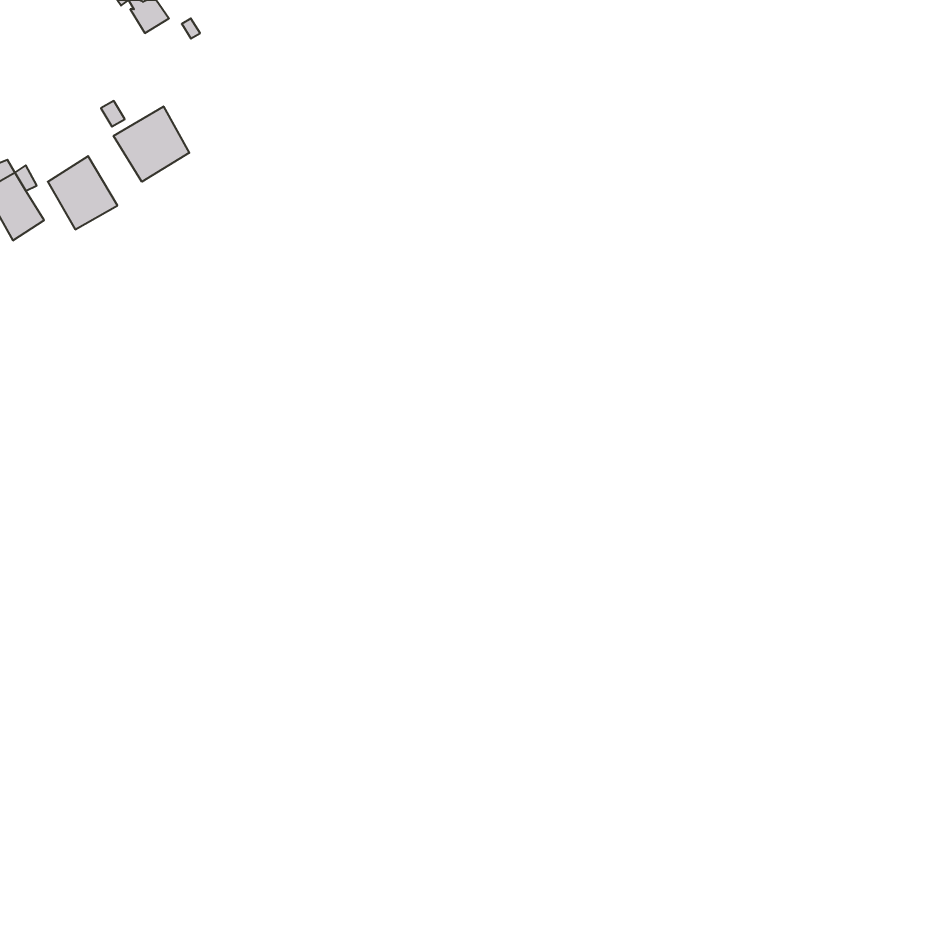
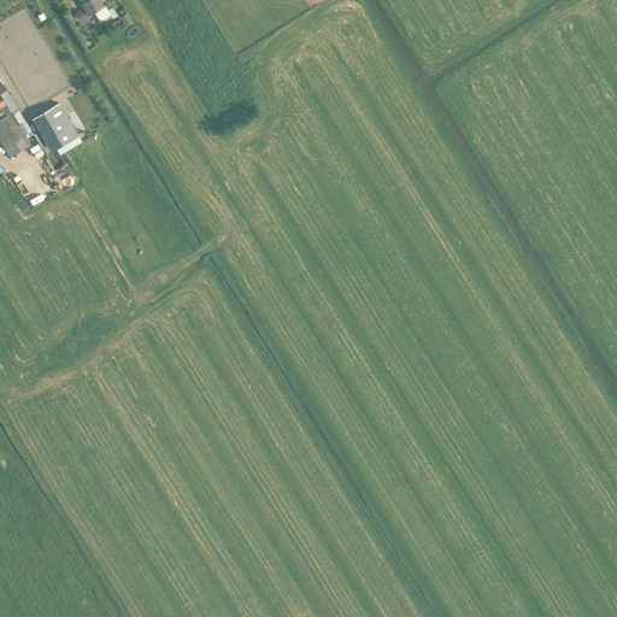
building: [114,106,189,182] -> none

